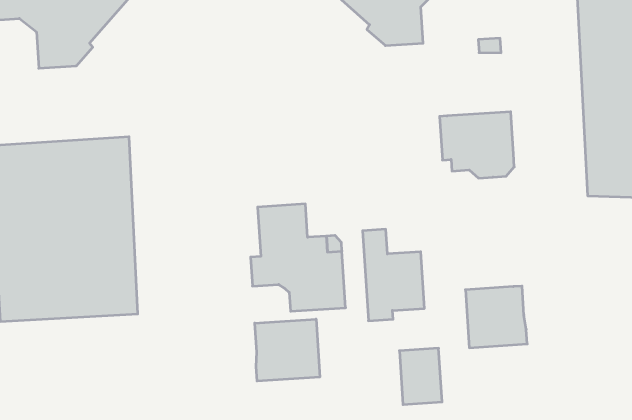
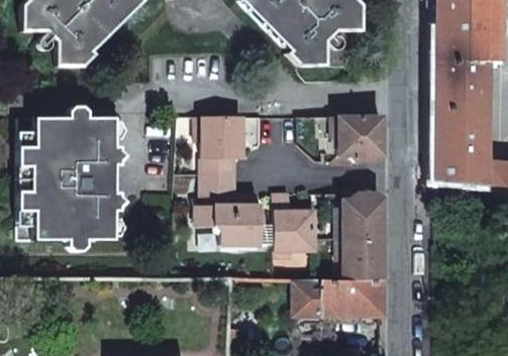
building: none -> [205,117,244,172]
building: none -> [345,194,385,239]
building: [255,319,320,381] -> none
building: none -> [324,278,386,317]

